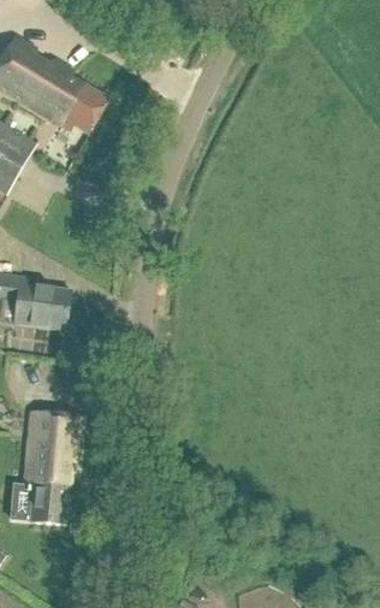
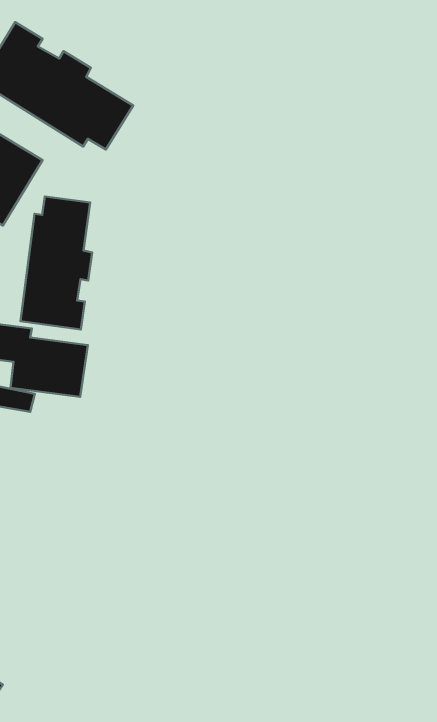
building: none -> [20,197,92,329]
building: [22,412,84,526] -> none

